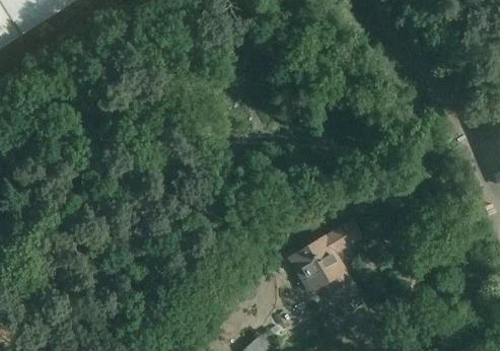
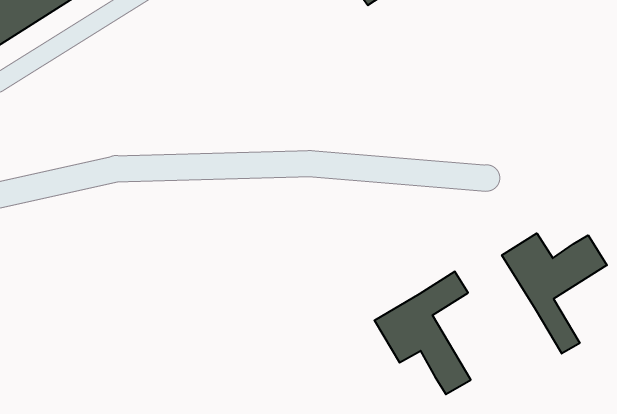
building: none -> [502,233,607,354]

